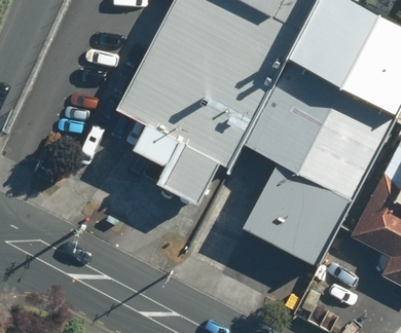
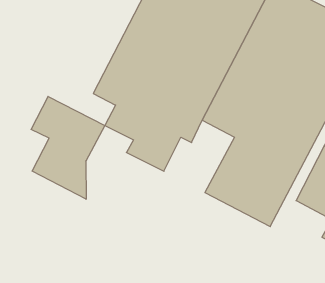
building: none -> [31,96,105,199]

